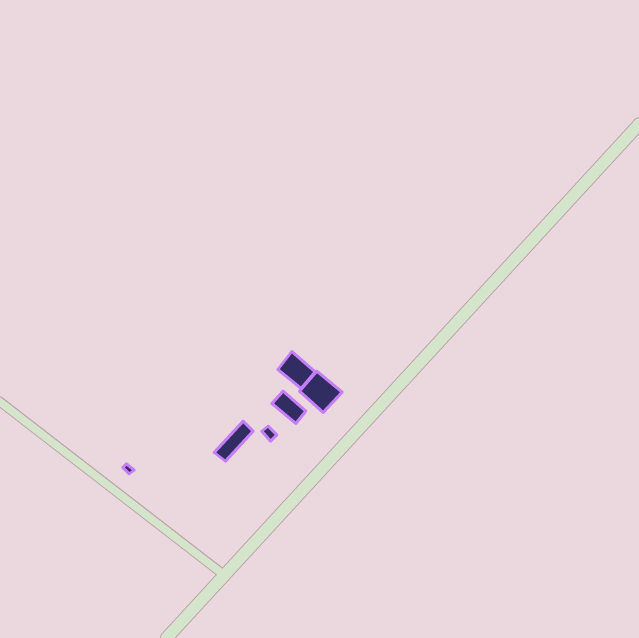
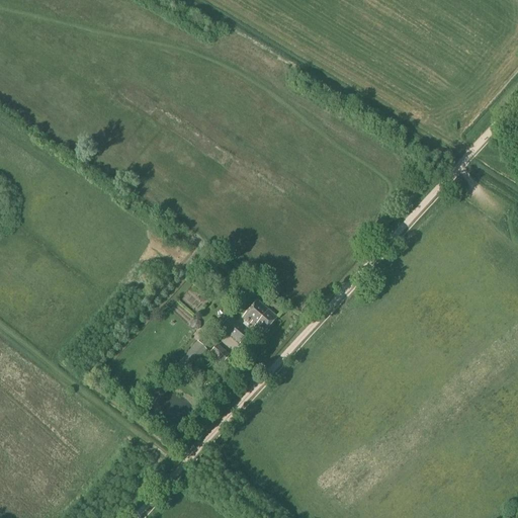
building: [278,351,315,389] -> none

